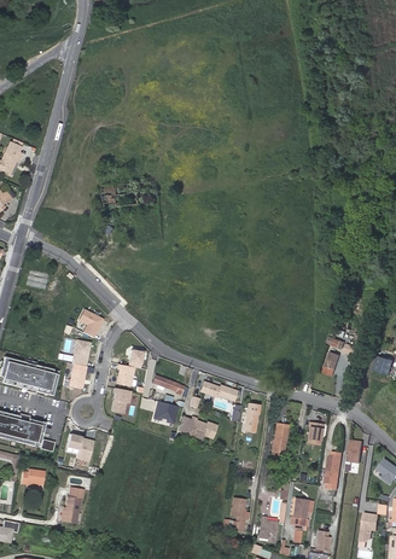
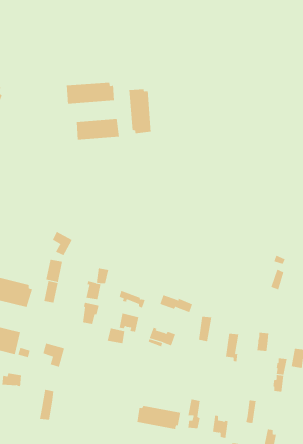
building: none -> [66,82,114,105]
building: none -> [129,89,151,134]
building: none -> [137,405,181,430]

